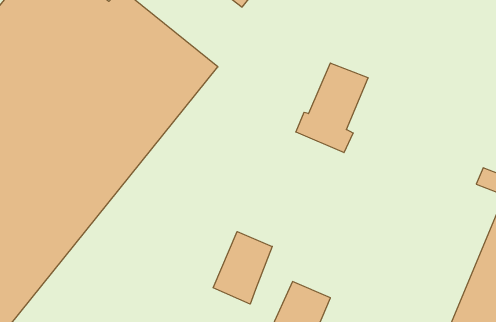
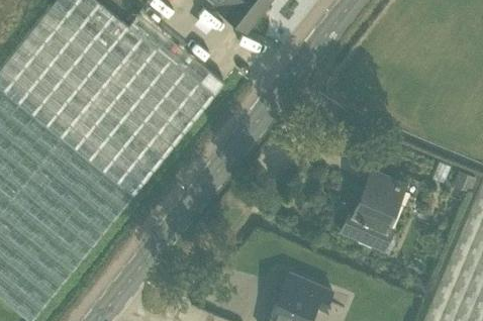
building: [296,63,368,153] -> [342,171,405,249]
building: [213,232,272,304] -> none

